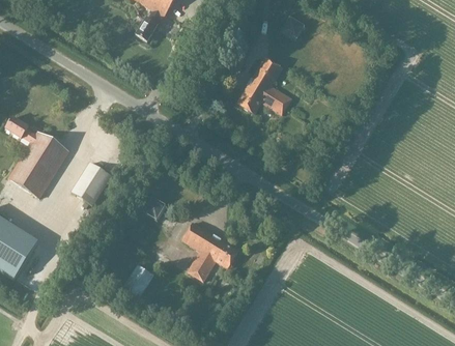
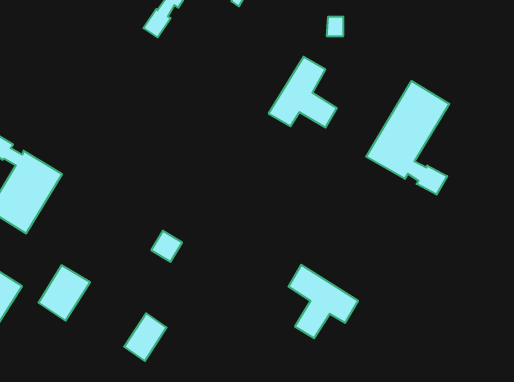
building: none -> [366,81,449,195]
building: [72,161,113,205] -> [38,265,90,321]
building: [182,221,238,280] -> [288,265,358,338]

